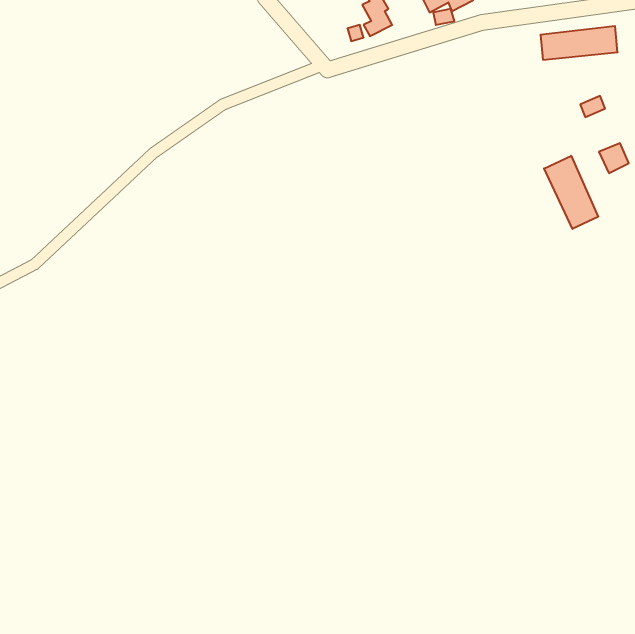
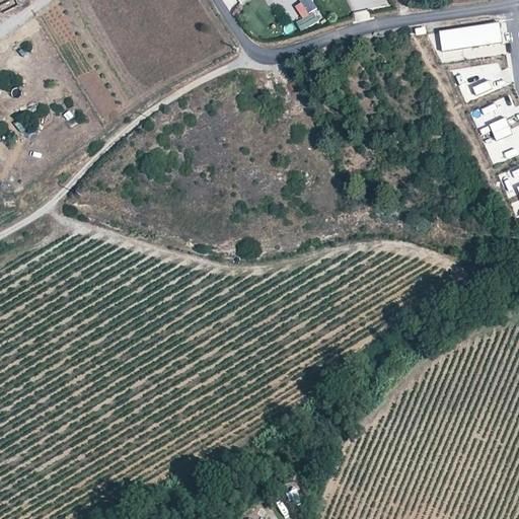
building: [544,156,598,229] -> none

